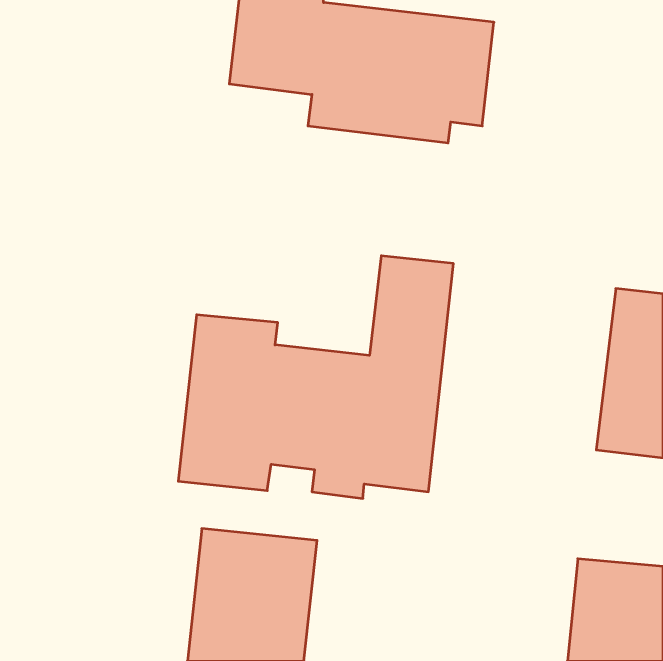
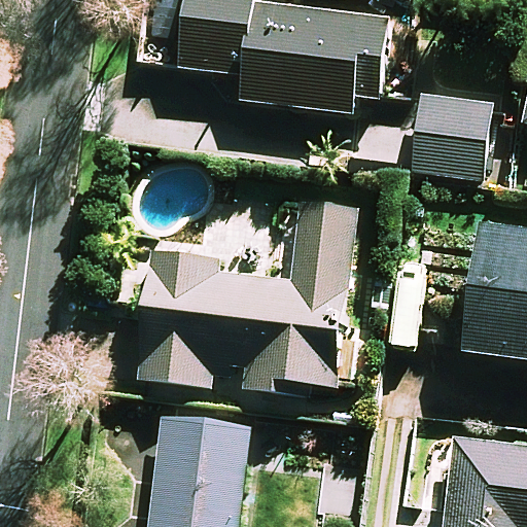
building: none -> [413,95,490,178]

